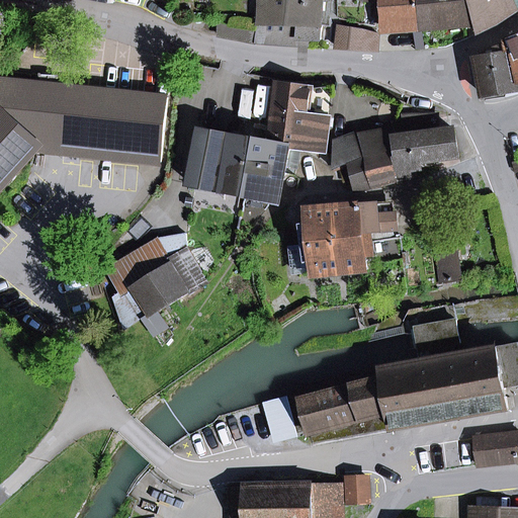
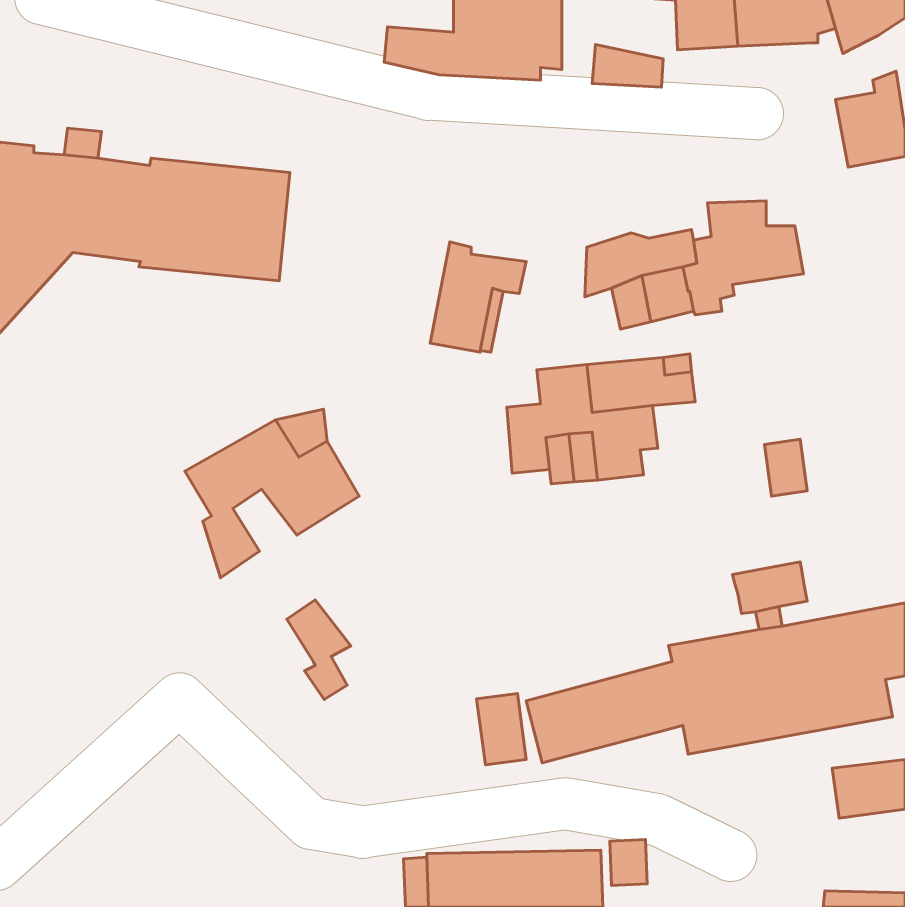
building: [268,82,329,152] -> none
building: [189,127,256,195] -> none
building: [133,278,169,335] -> [287,600,351,699]

